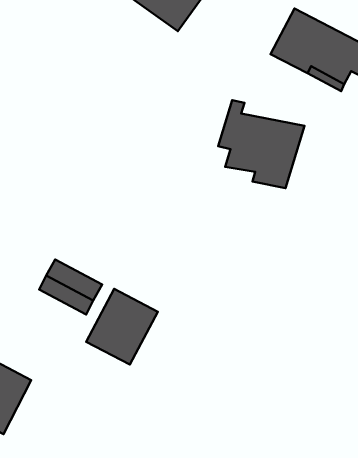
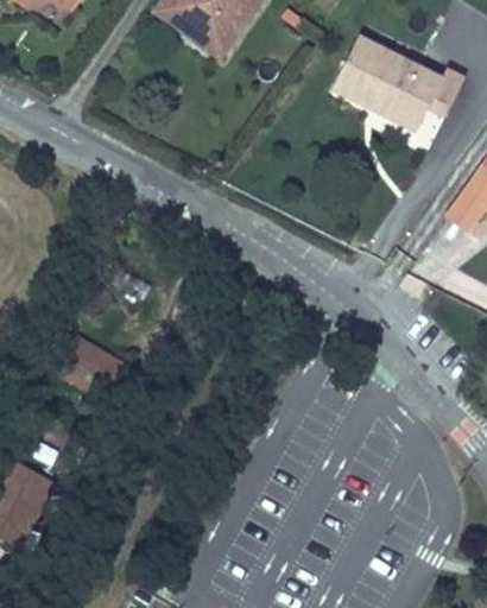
building: [218,100,304,188] -> none
building: [86,289,158,365] -> none

